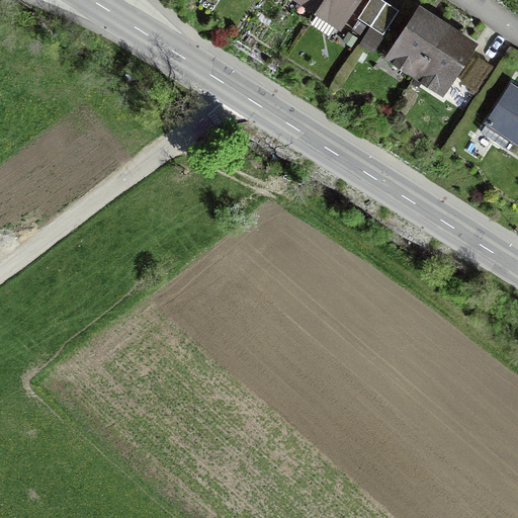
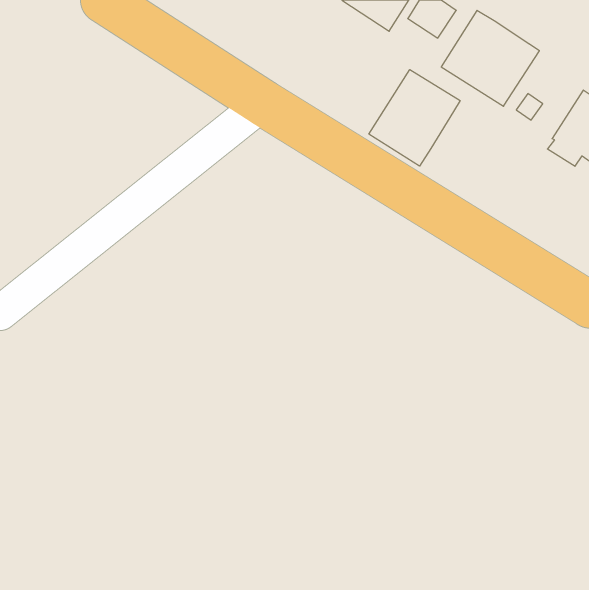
building: none -> [369,70,460,166]

